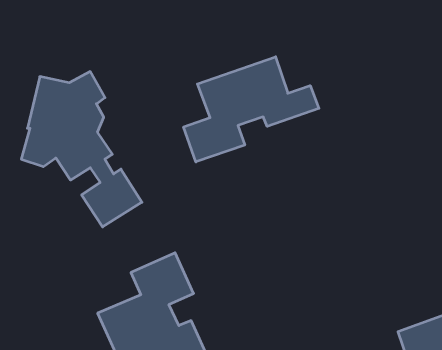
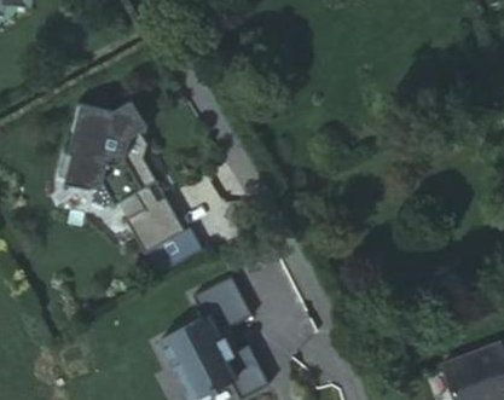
building: [184,57,319,162] -> none

